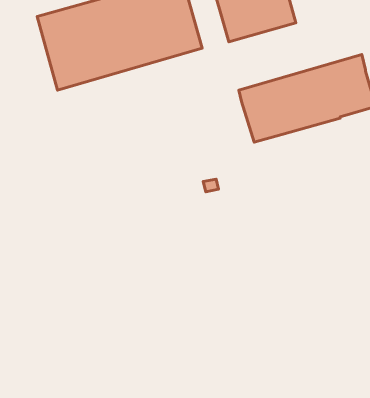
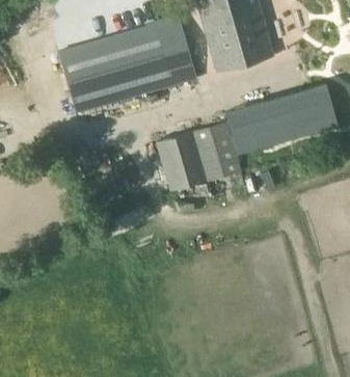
building: none -> [157,120,265,190]

